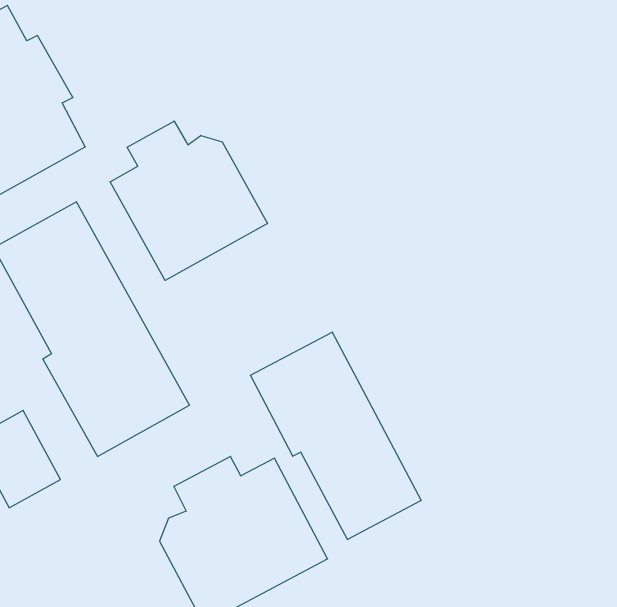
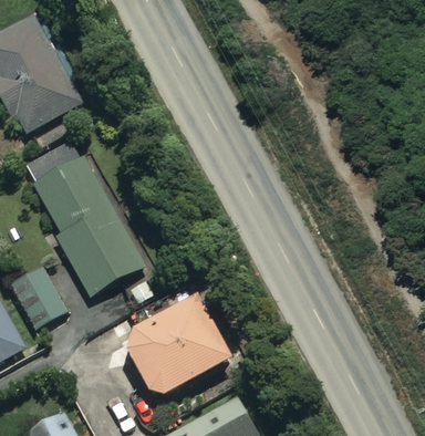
building: [110,121,267,280] -> none
building: [250,332,421,540] -> none

